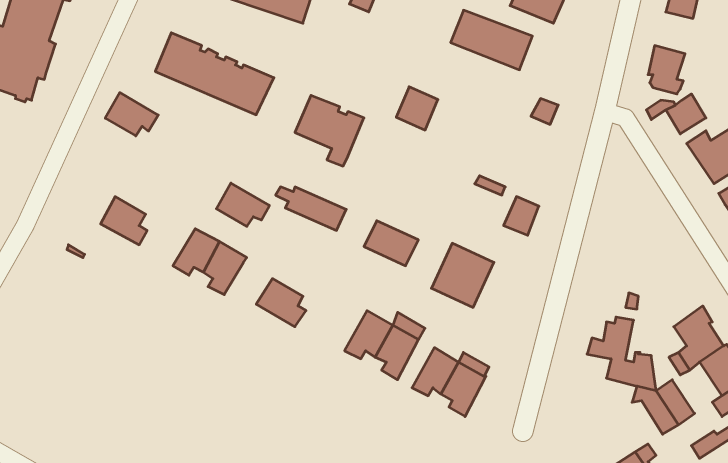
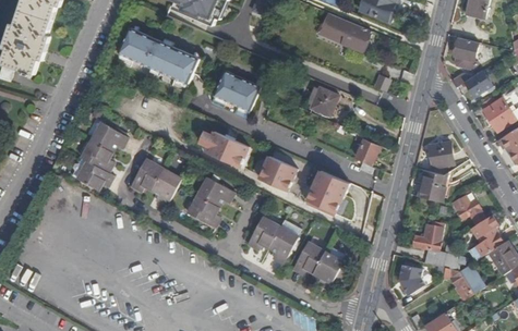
building: [396,87,438,130] -> [310,87,338,117]
building: [105,93,158,136] -> [91,122,127,151]
building: [216,183,269,226] -> [197,177,233,207]
building: none -> [427,142,453,168]
building: none -> [69,157,113,191]
building: none -> [419,171,445,203]
building: none -> [451,193,480,219]
building: none -> [399,265,425,297]

